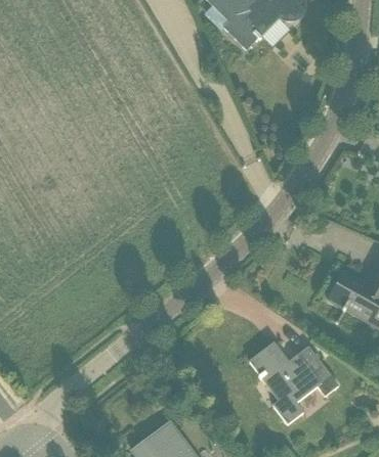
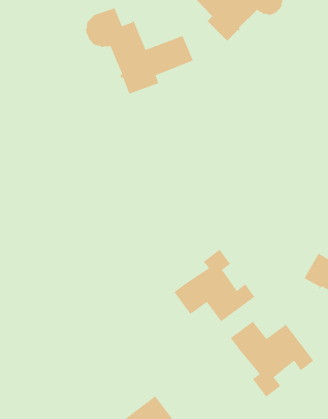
building: none -> [85,7,193,95]
building: none -> [173,249,255,322]

